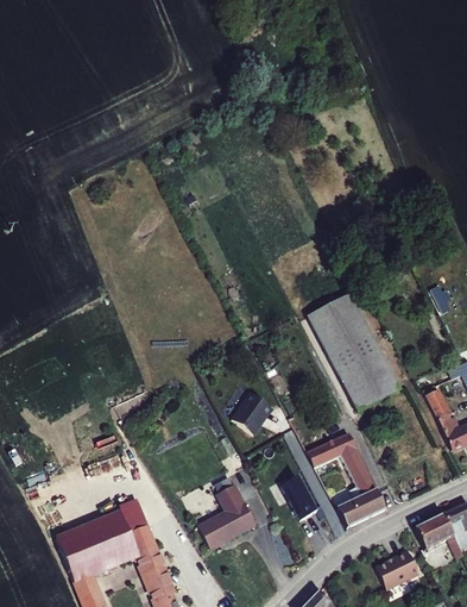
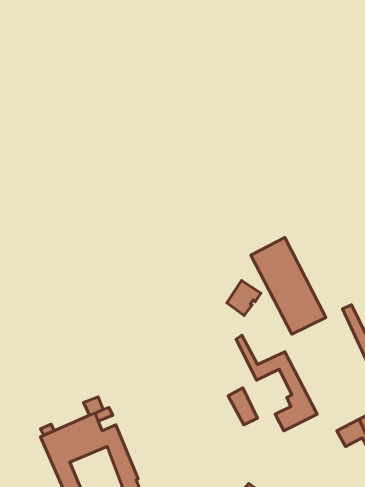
building: [233,395,274,438] -> [227,280,261,316]
building: [198,484,255,551] -> none
building: [372,550,416,590] -> none

